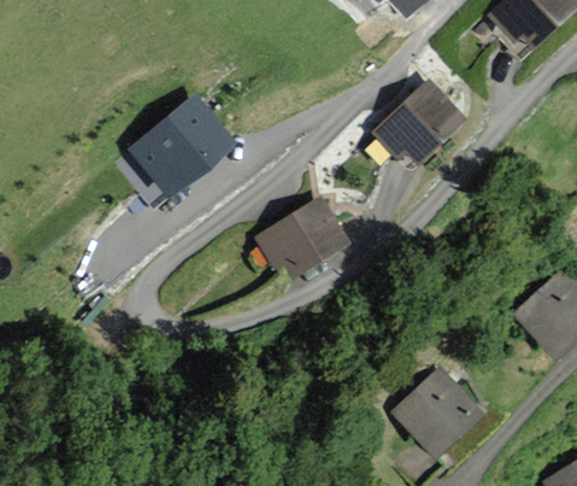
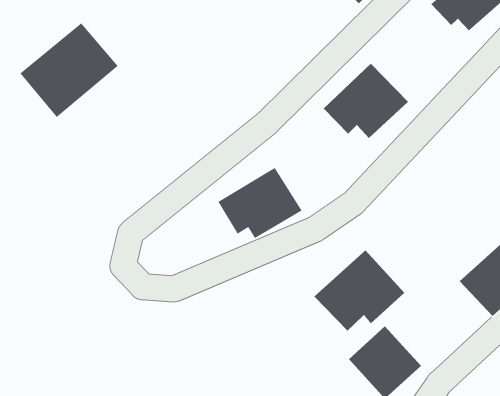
building: [126,93,236,199] -> [20,22,119,118]
building: none -> [314,250,405,331]

